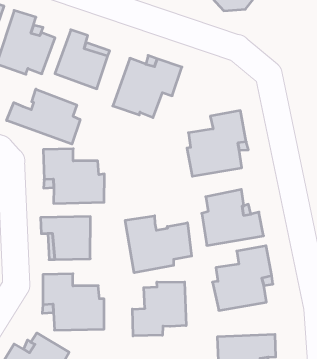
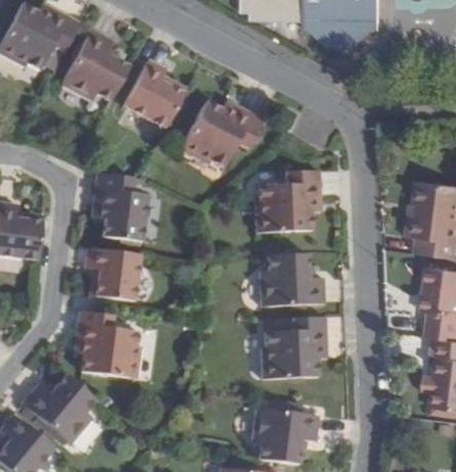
building: [7,89,80,144] -> none
building: [125,216,192,273] -> none
building: [132,282,186,336] -> none

